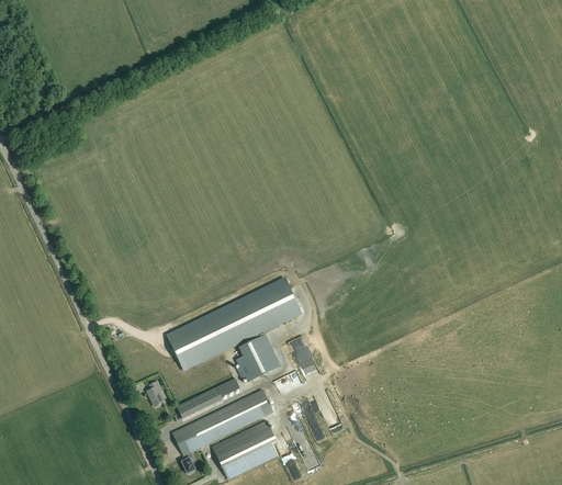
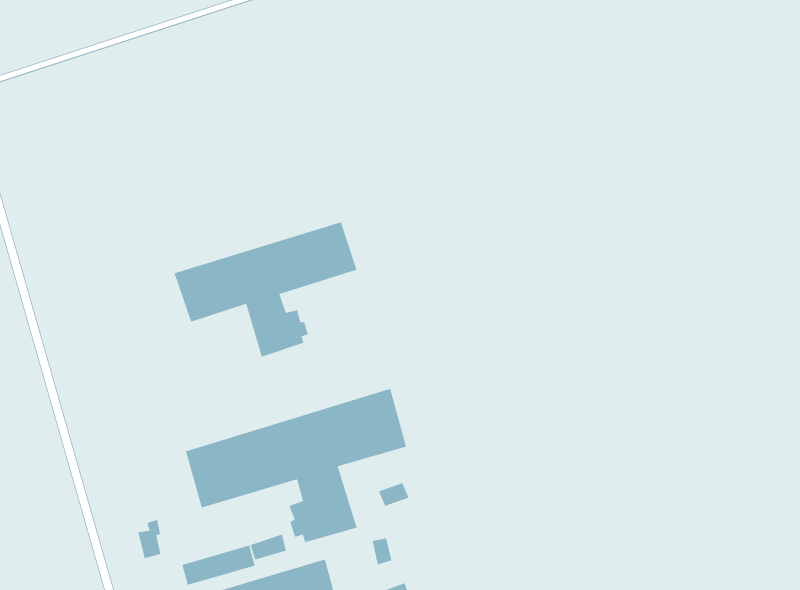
building: none -> [174,222,357,357]

